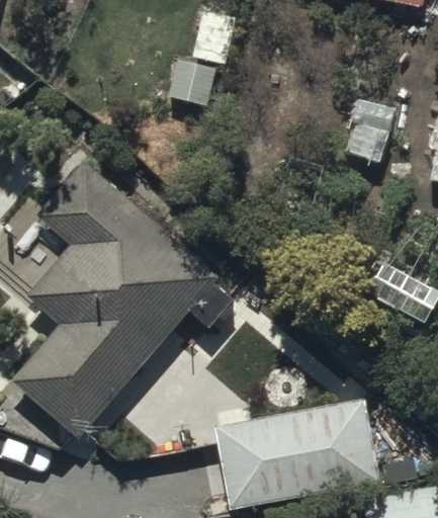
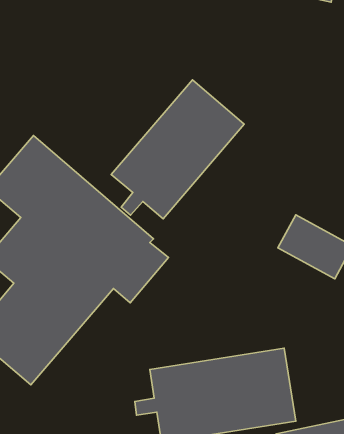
building: none -> [111,80,244,219]

